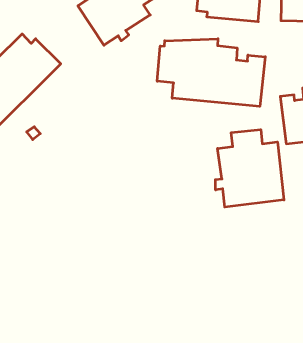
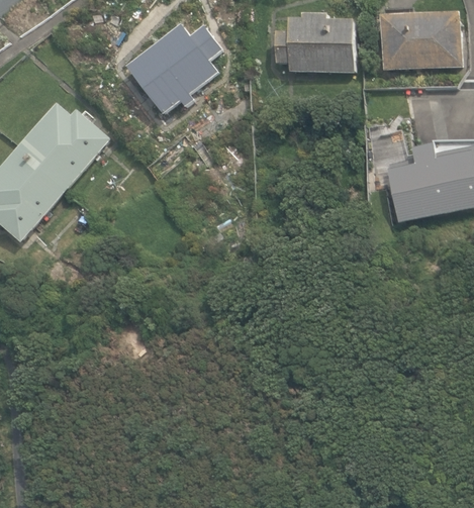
building: [157,39,265,106] -> none
building: [215,130,284,207] -> none

